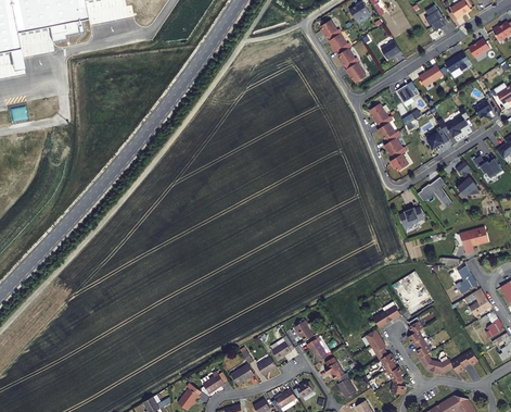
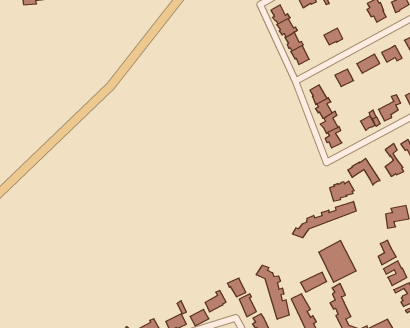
building: none -> [292,201,356,238]
building: none -> [256,265,289,319]

